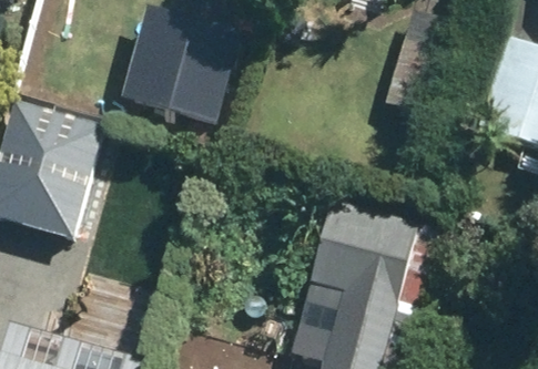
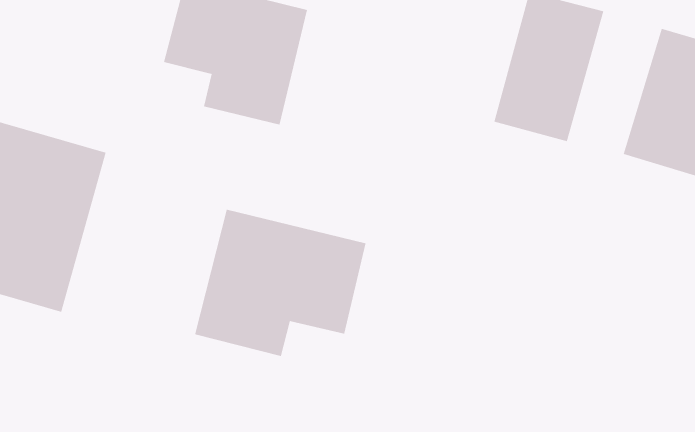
building: none -> [194,209,366,357]
building: [306,204,418,311] -> none

